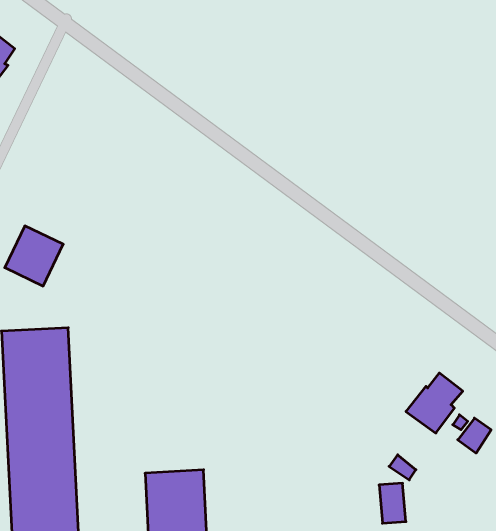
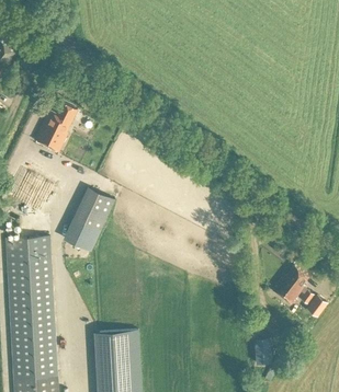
building: none -> [33,104,76,153]
building: none -> [63,188,113,253]

